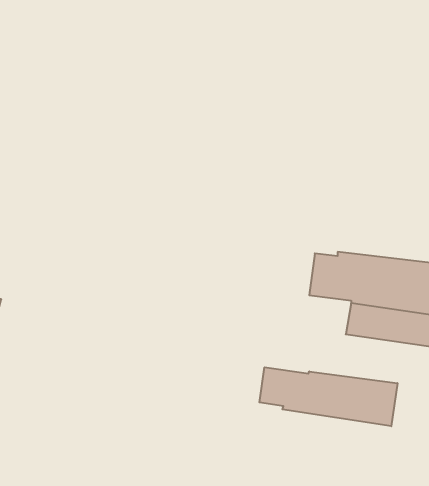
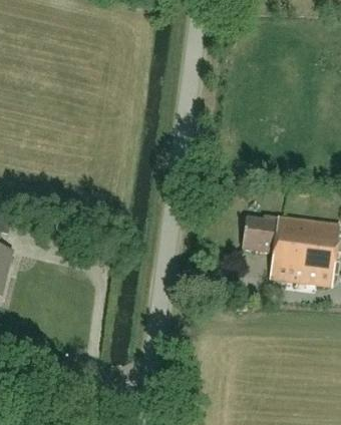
building: [259,367,397,426] -> none

